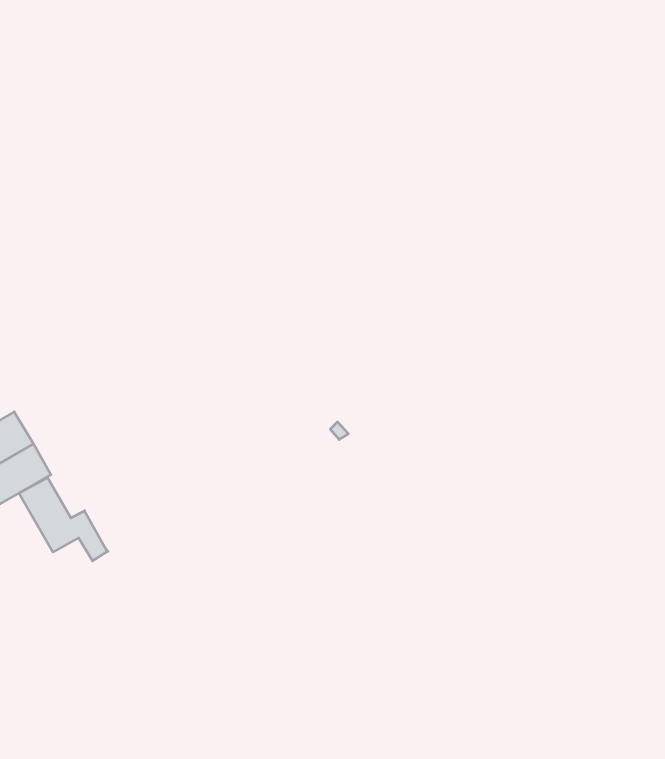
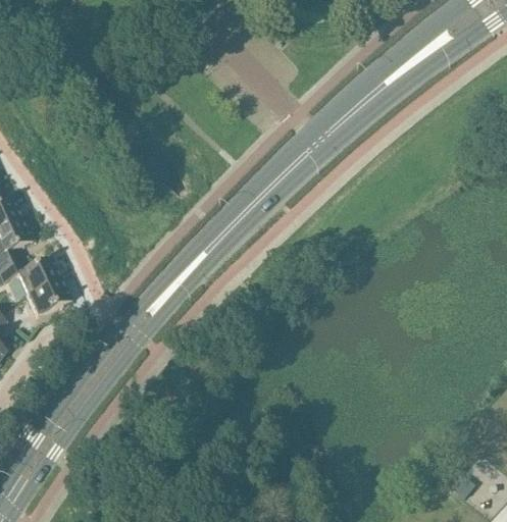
building: [19,477,108,561] -> none

